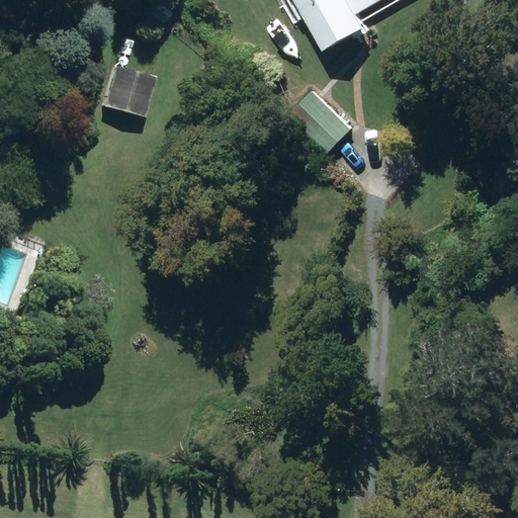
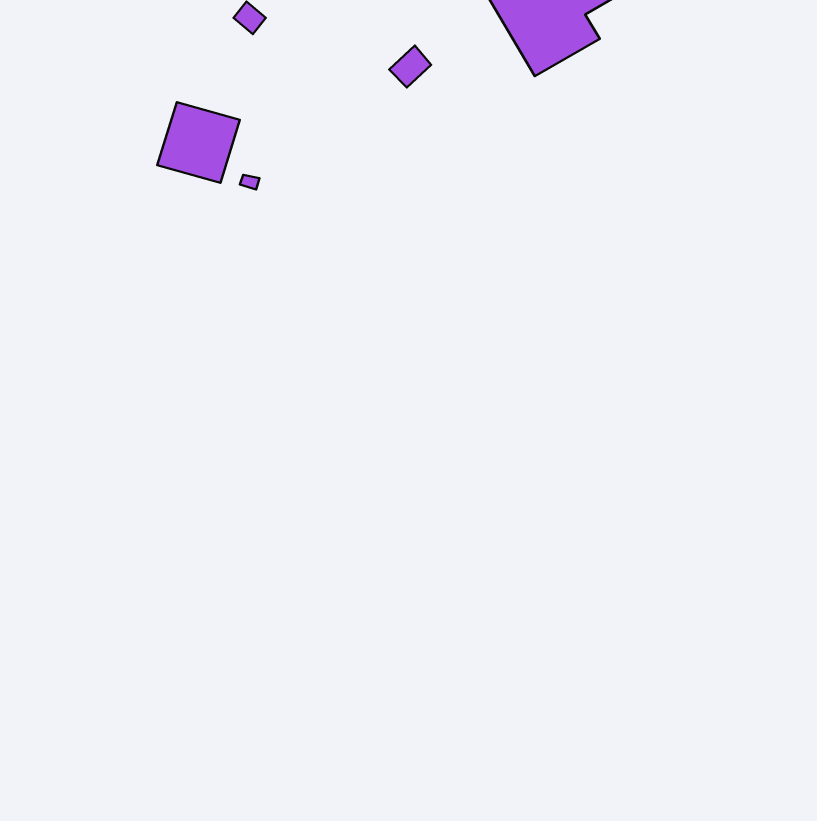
building: [281,88,352,159] -> none

